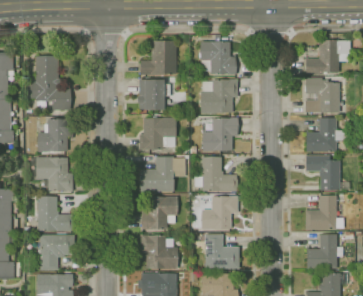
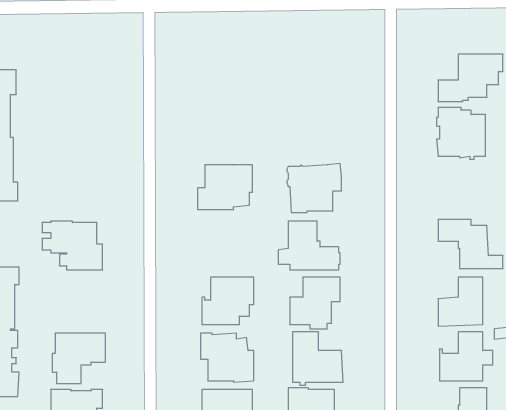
building: [198,35,236,74] -> none
building: [140,41,176,74] -> none
building: [27,56,70,110] -> none
building: [138,79,170,110] -> none
building: [200,79,237,113] -> none
building: [305,115,346,152] -> none
building: [37,118,72,154] -> none
building: [139,157,185,191] -> none
building: [37,197,73,230] -> none

